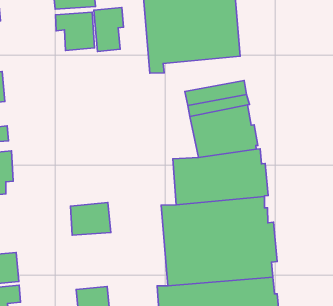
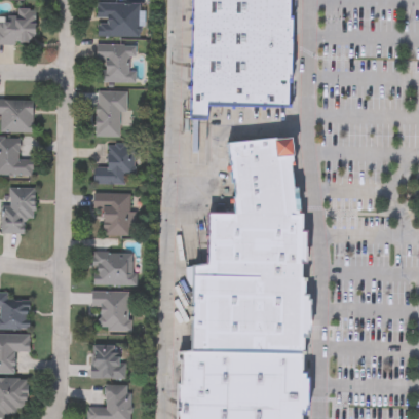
building: [94,8,124,51] -> [96,91,126,137]
building: none -> [93,144,136,185]
building: none -> [93,192,131,235]
building: none -> [91,292,129,331]

